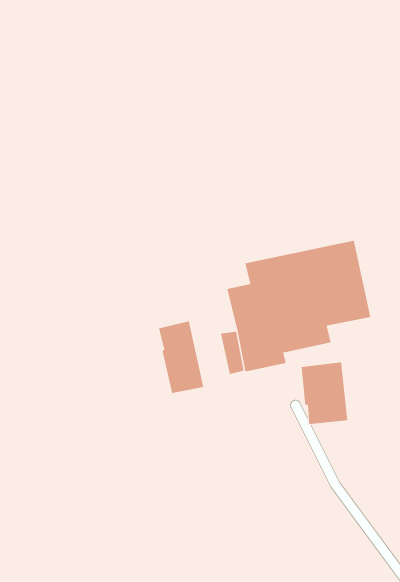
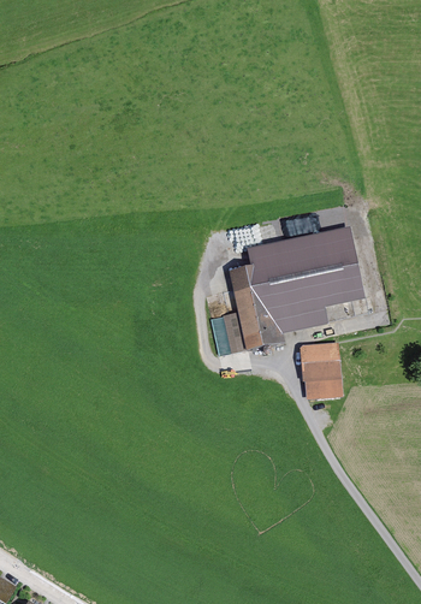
building: [158,320,204,394] -> none

